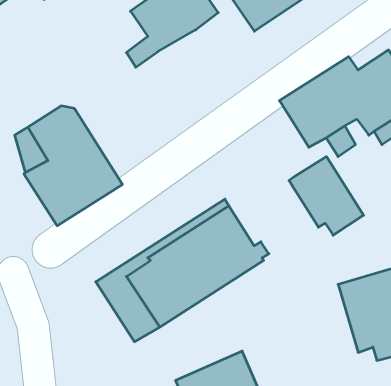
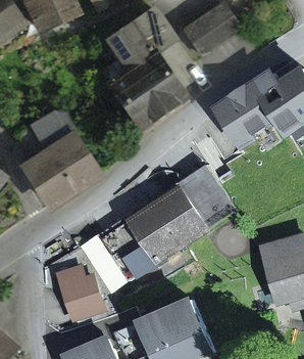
building: none -> [106,53,184,128]
building: [289,157,364,235] -> [176,165,234,225]
building: none -> [59,268,101,318]

